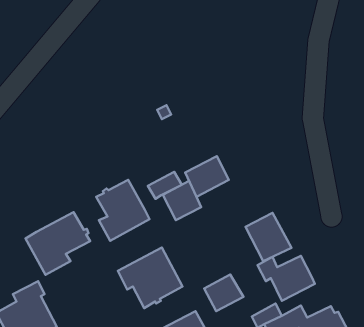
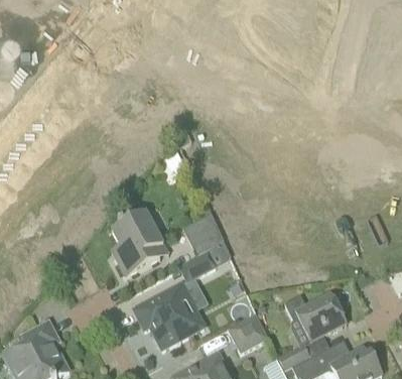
building: [185,156,229,197] -> none
building: [148,172,182,199] -> [180,251,217,280]
building: [25,212,90,275] -> none
building: [245,213,291,261] -> none

